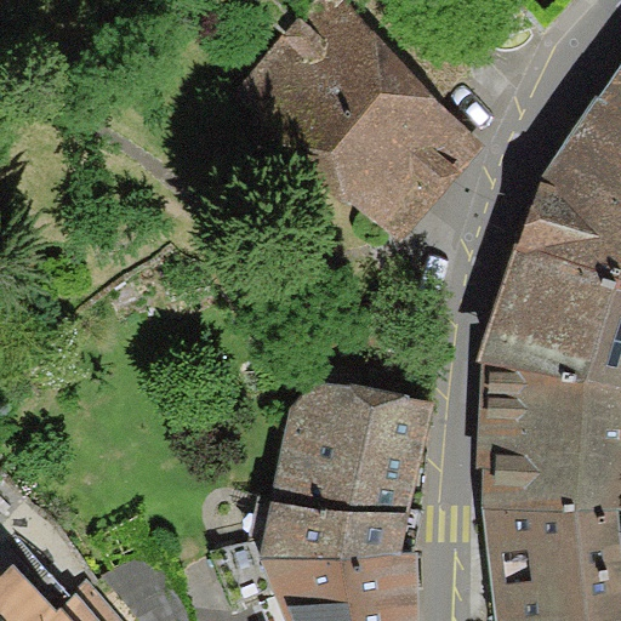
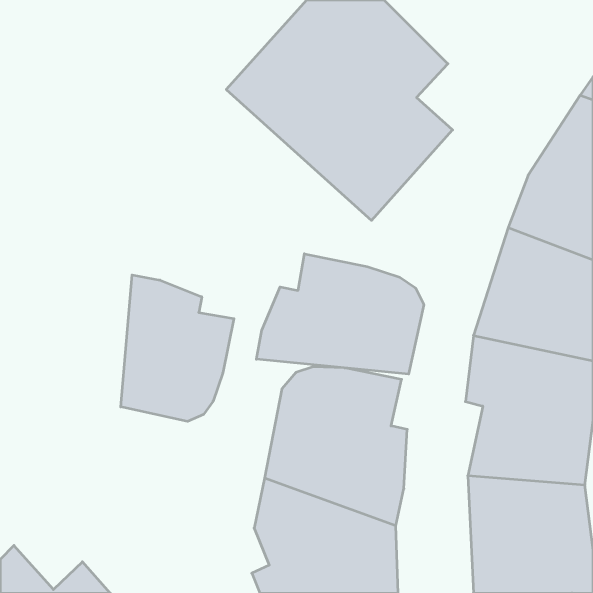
building: none -> [256,254,424,374]
building: none -> [121,275,234,421]

